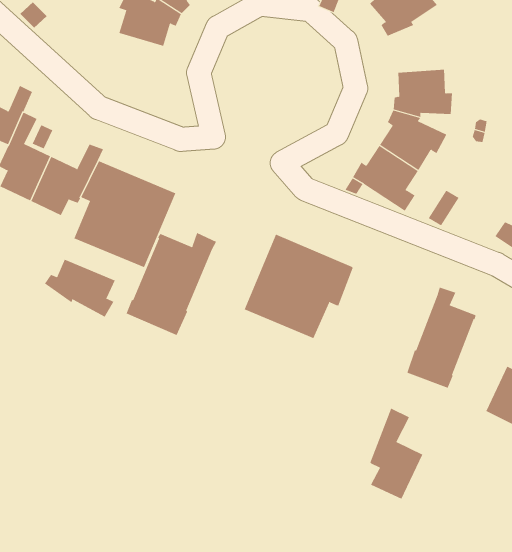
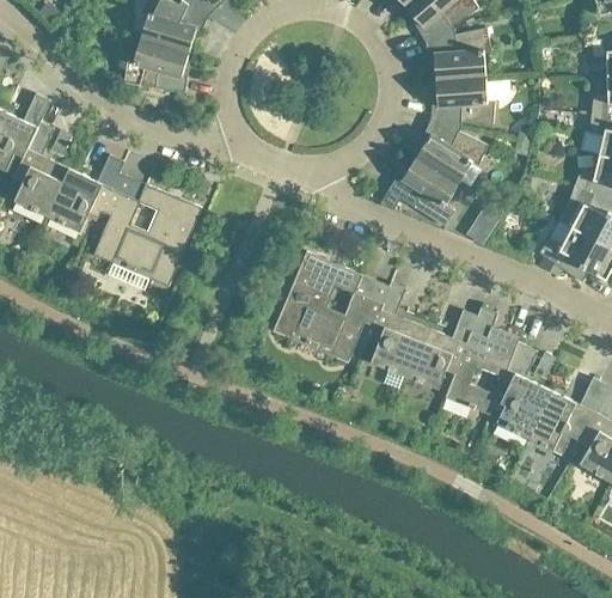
building: none -> [426,28,491,79]
building: none -> [123,37,189,92]
building: [126,232,217,336] -> none
building: [44,259,116,317] -> none
building: none -> [368,281,478,390]
building: [369,408,423,499] -> [495,341,552,438]

